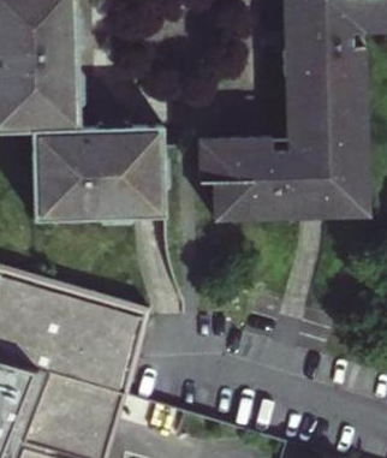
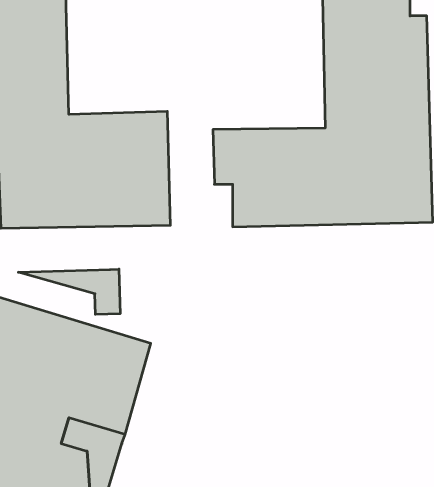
building: none -> [18,269,120,314]

